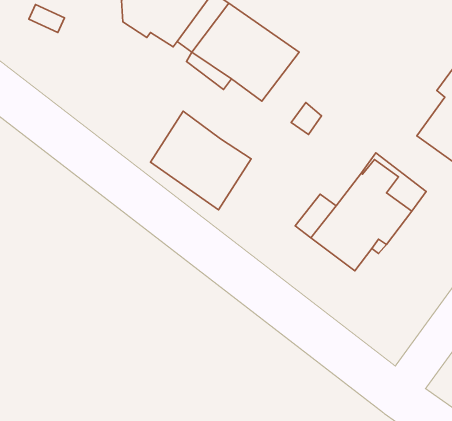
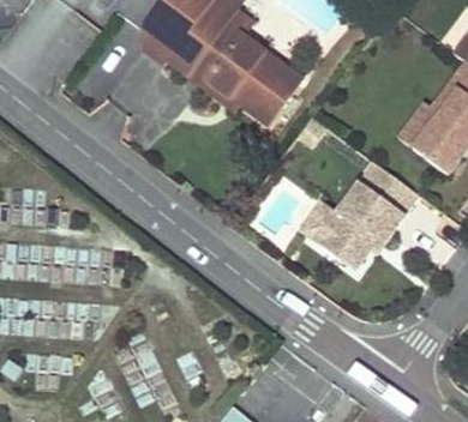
building: [150,111,251,210] -> none

